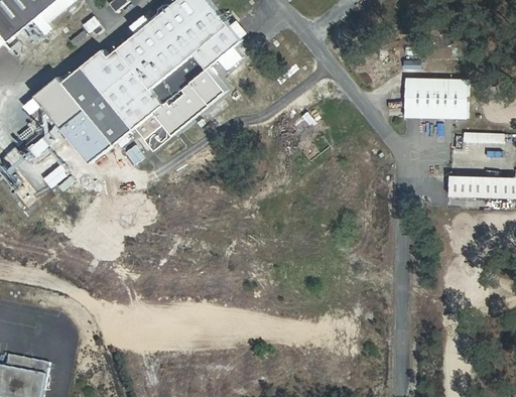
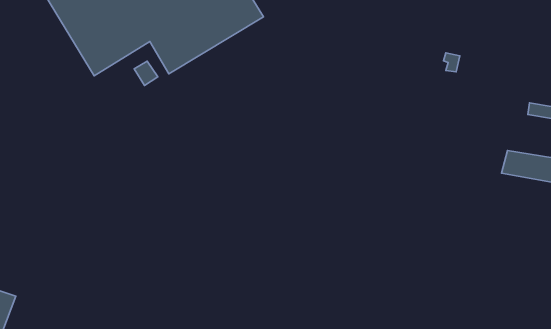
building: [406,77,470,118] -> none

